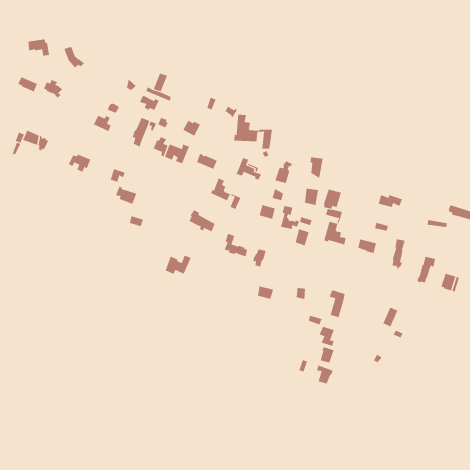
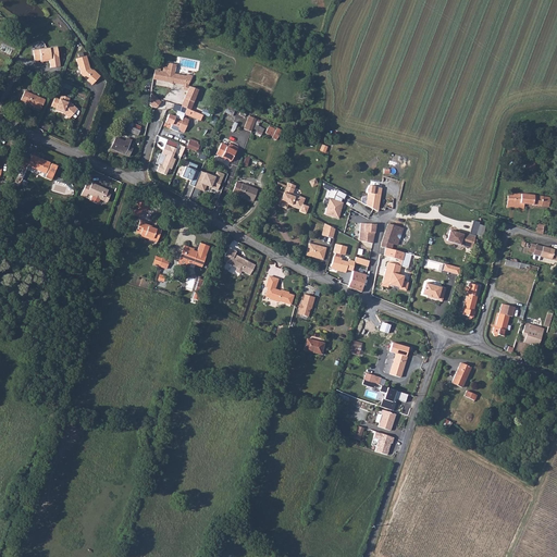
building: none -> [154,62,194,84]
building: [234,114,272,149] -> none
building: none -> [508,193,550,208]
building: [211,177,241,210] -> none
building: [165,255,191,274] -> [178,243,210,265]

